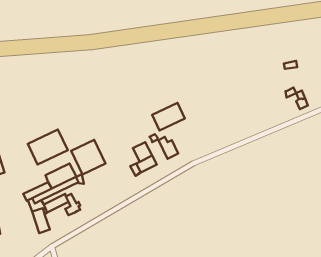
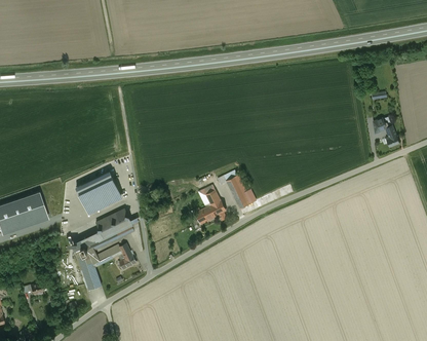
building: [152,103,185,131] -> none
building: [71,140,106,175] -> none

